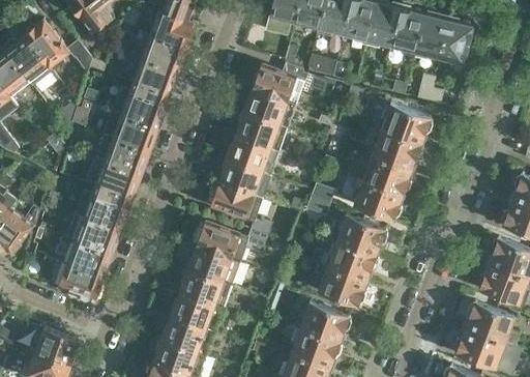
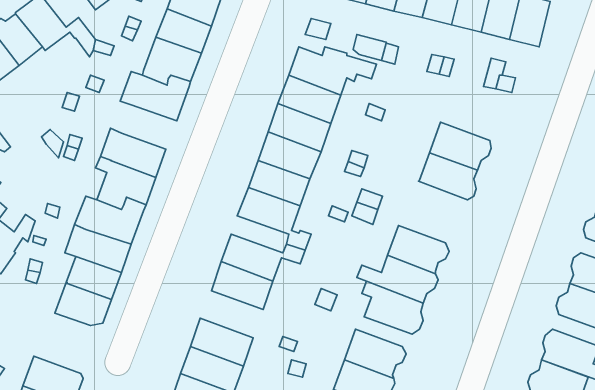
building: [380,102,432,143] -> none
building: [112,113,158,150] -> none
building: [352,177,403,219] -> none
building: [178,269,231,309] -> none

